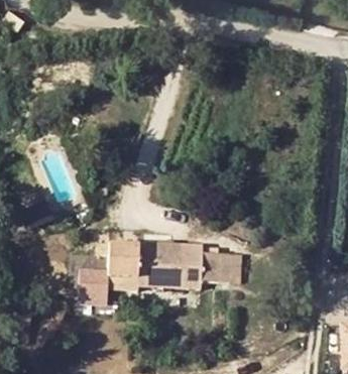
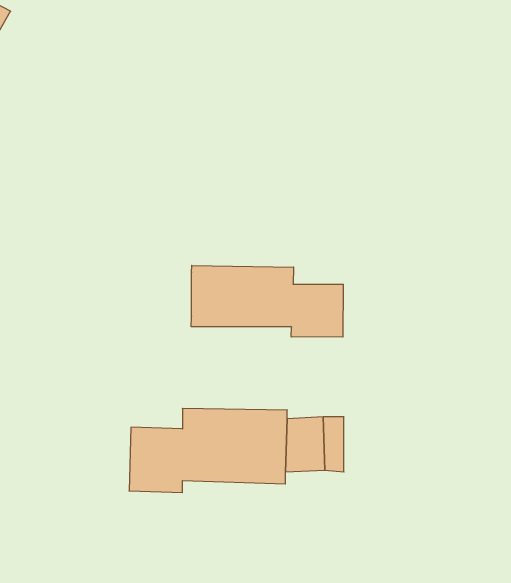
building: none -> [191,265,343,337]

